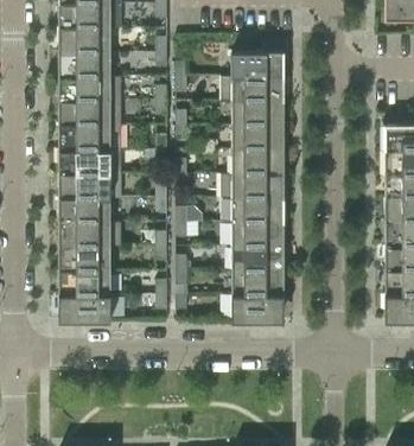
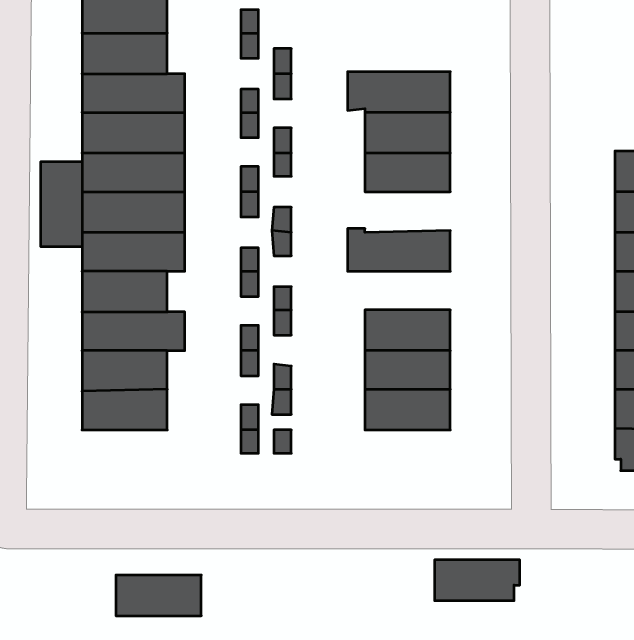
building: [231,51,284,76] -> none
building: none -> [41,162,82,247]
building: [231,149,284,174] -> none
building: [231,198,284,222] -> none
building: [58,295,110,320] -> [116,575,201,616]
building: [231,295,284,320] -> [435,560,520,601]

